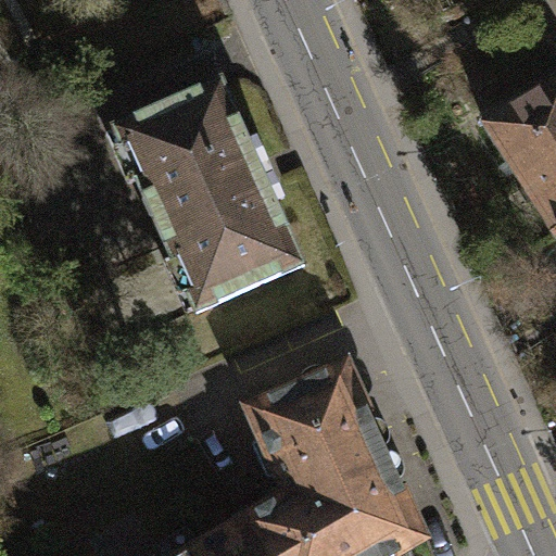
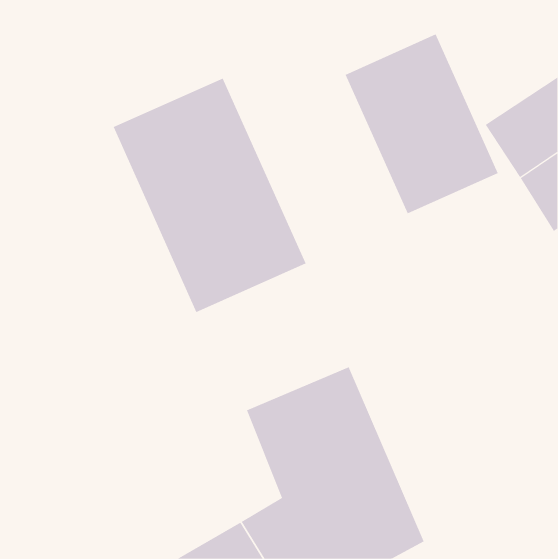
building: none -> [345,34,498,214]

